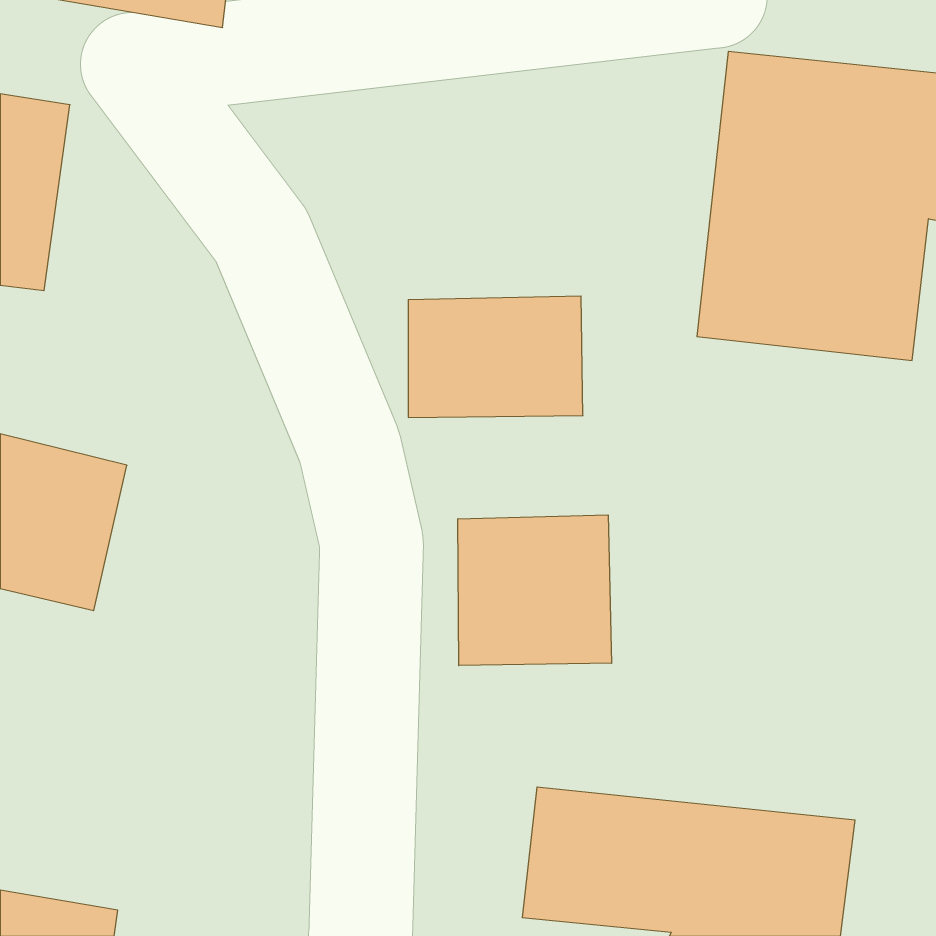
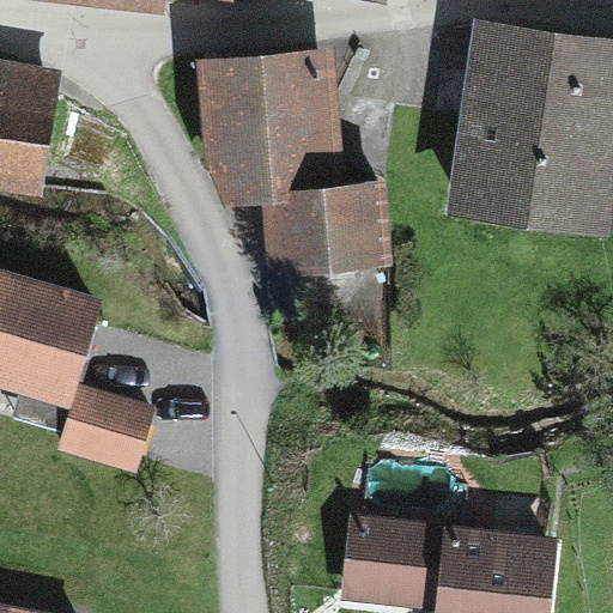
building: none -> [196,54,340,200]
building: [458,515,612,666] -> none
building: none -> [61,382,151,473]

